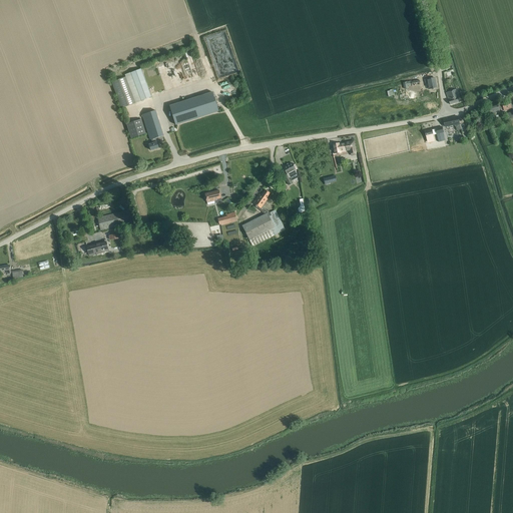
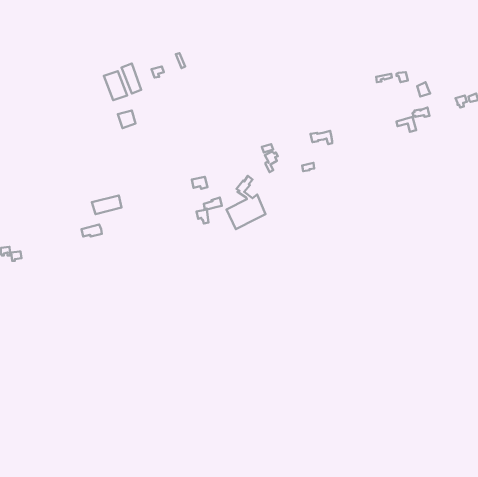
building: [170,90,218,124] -> none
building: [143,109,163,149] -> none

